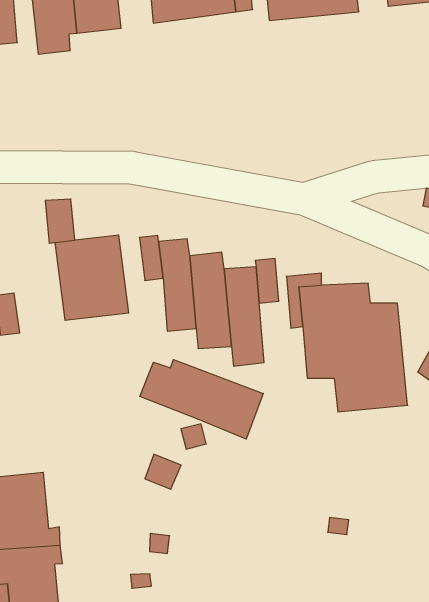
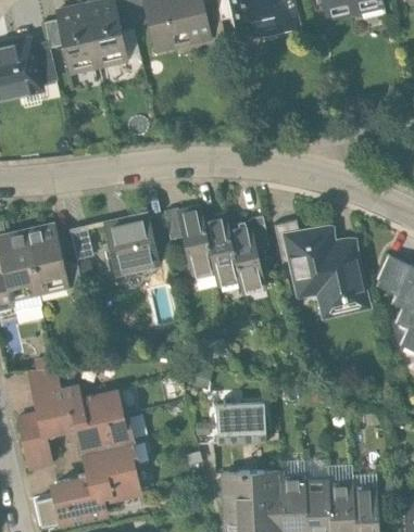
building: [45,199,75,243] -> [70,226,95,259]
building: [140,360,263,439] -> none
building: none -> [214,402,265,446]

